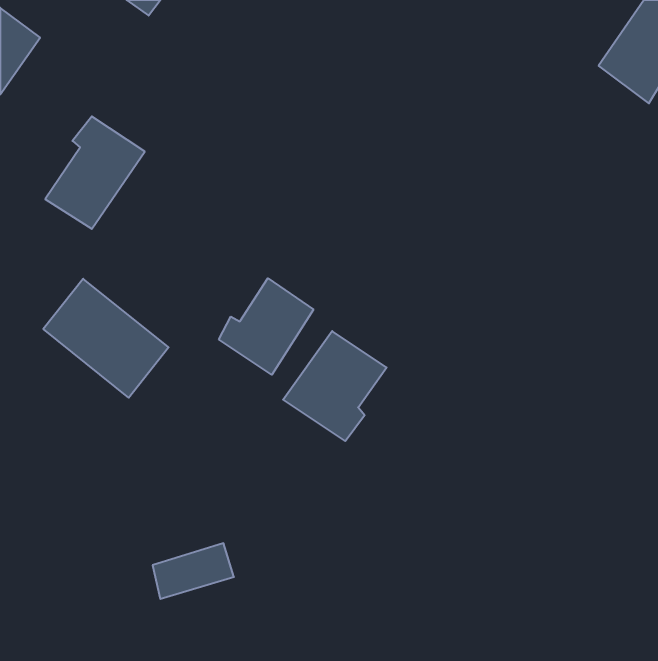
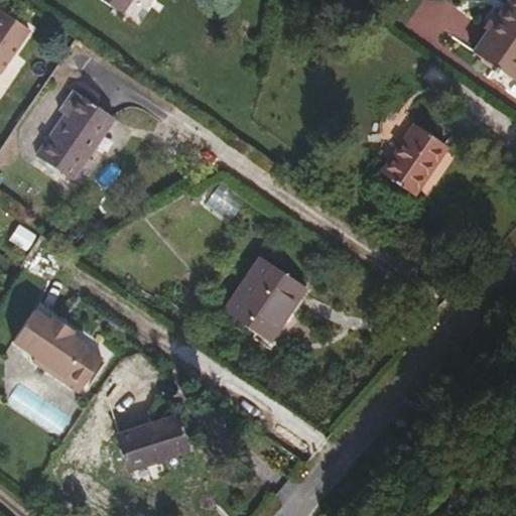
building: none -> [377,122,441,191]
building: [219,278,313,375] -> none
building: [43,279,169,398] -> [13,302,111,395]

